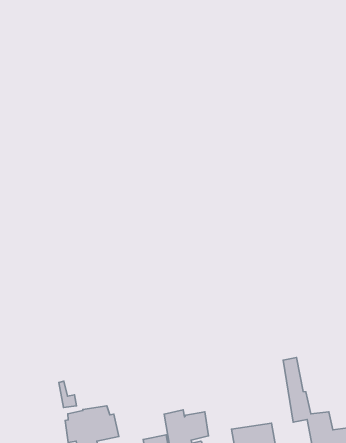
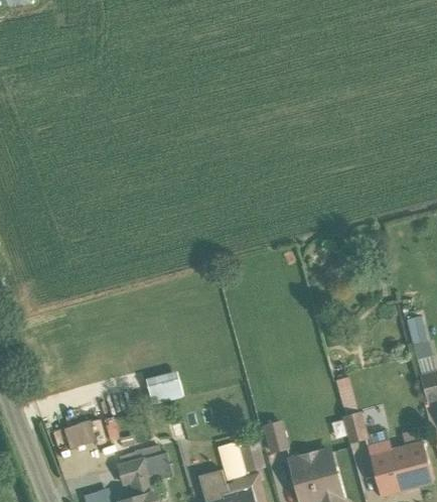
building: none -> [146,371,182,404]
building: none -> [61,419,106,450]
building: none -> [262,420,289,453]

